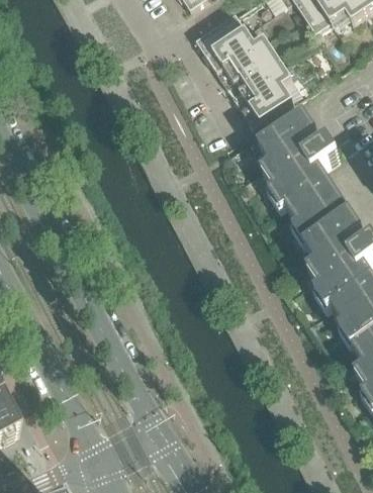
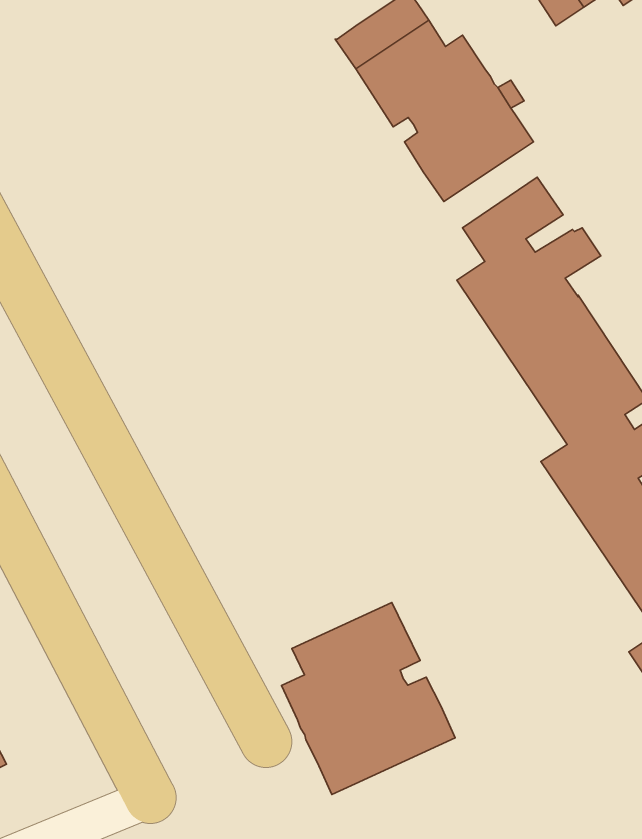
building: none -> [282,602,455,795]

